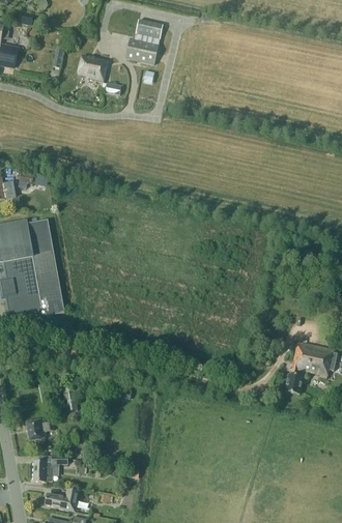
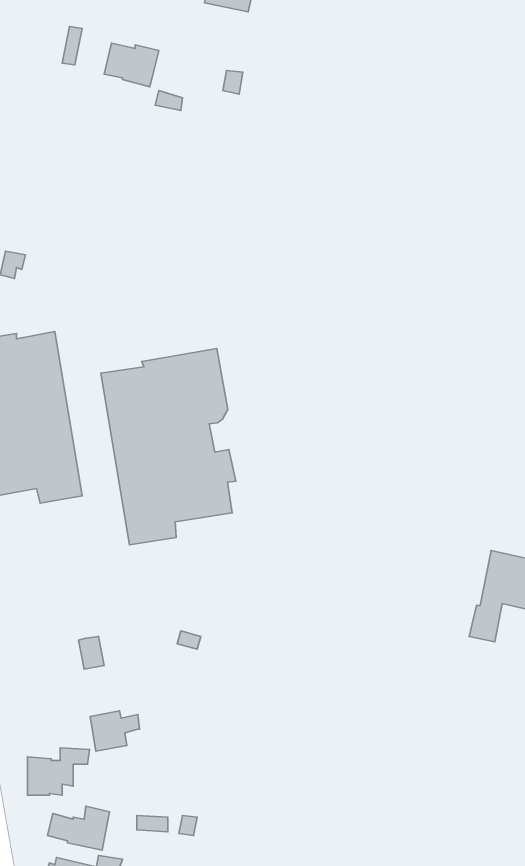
building: [124,35,156,61] -> none
building: none -> [101,349,236,545]
building: [25,418,53,441] -> [90,711,140,751]

